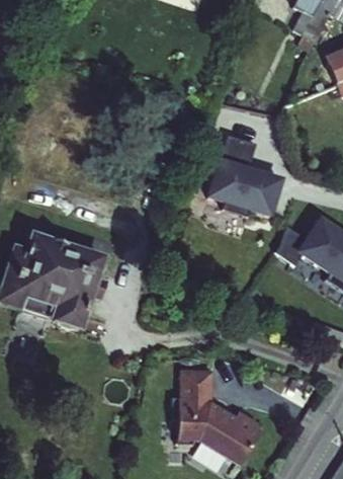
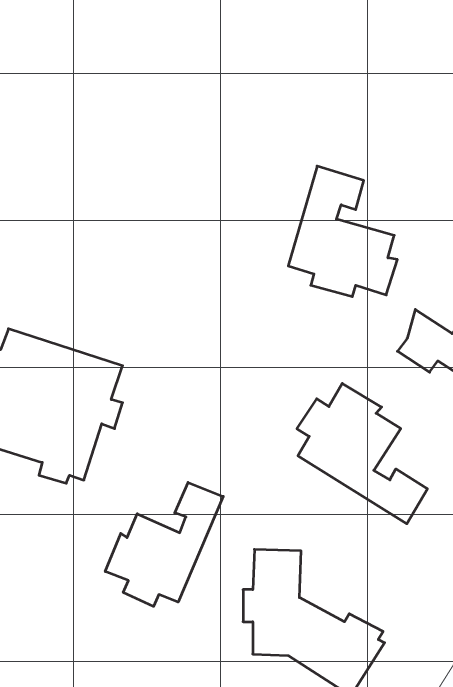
building: none -> [297,383,427,524]
building: none -> [105,482,223,606]

